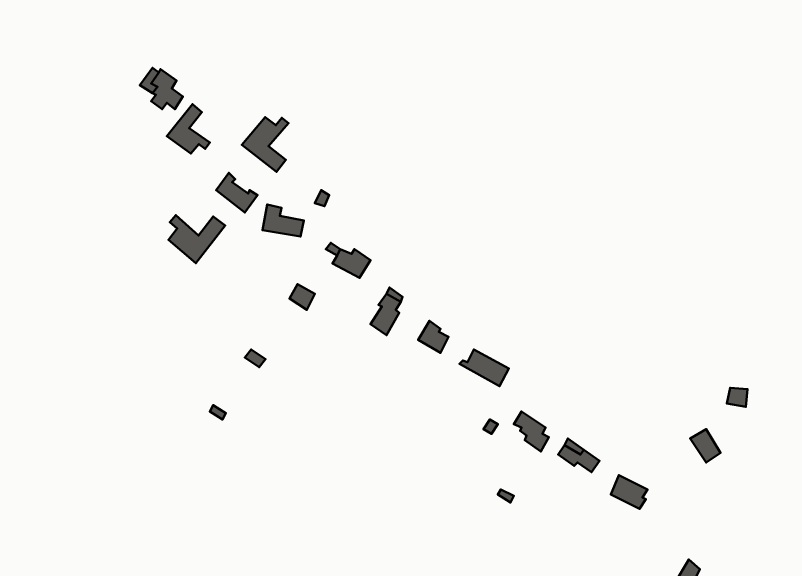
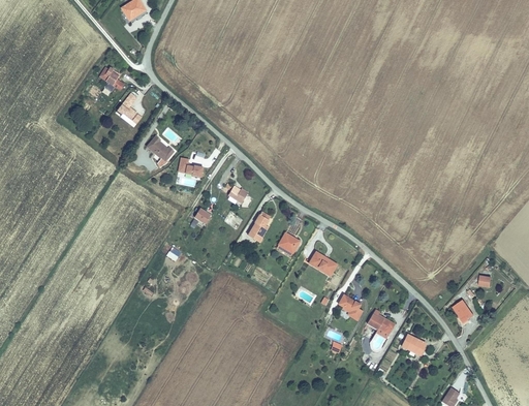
building: [242,117,289,172] -> none
building: [169,215,225,263] -> none

